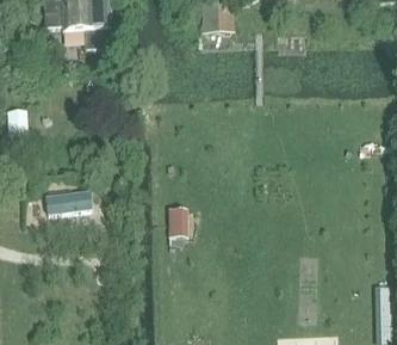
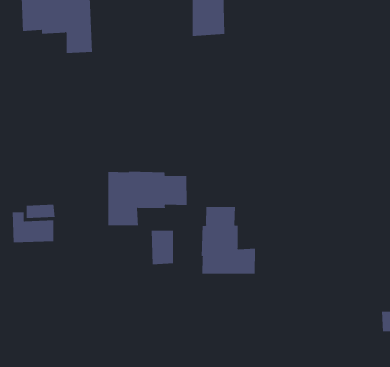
building: none -> [108,171,187,226]
building: none -> [201,206,255,274]

